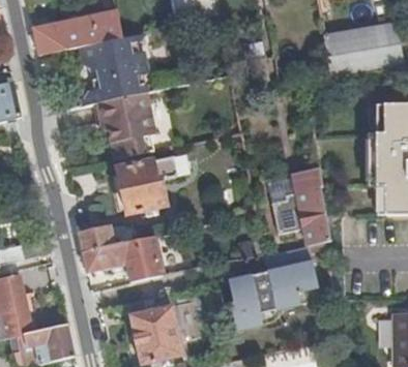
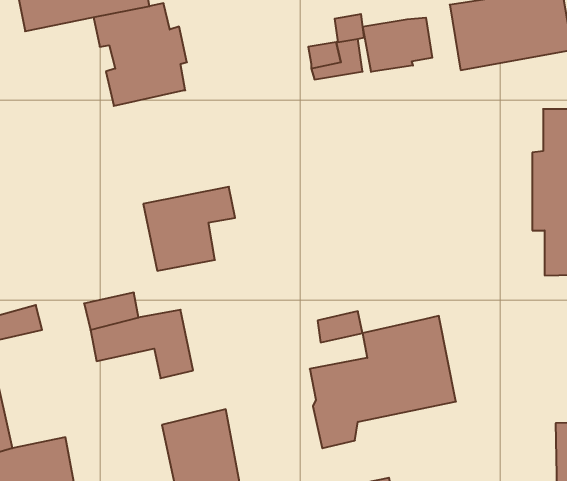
building: none -> [363,18,432,72]
building: [98,92,154,158] -> none
building: [271,166,329,244] -> none

